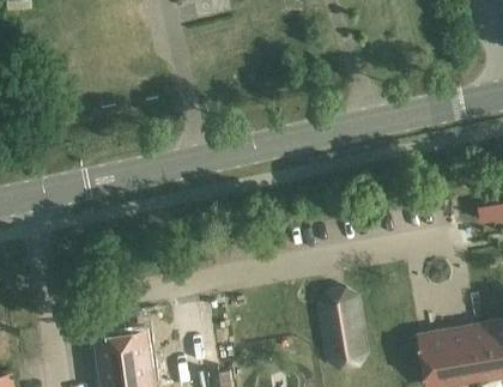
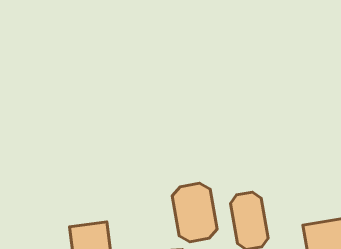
building: none -> [172,183,217,242]

